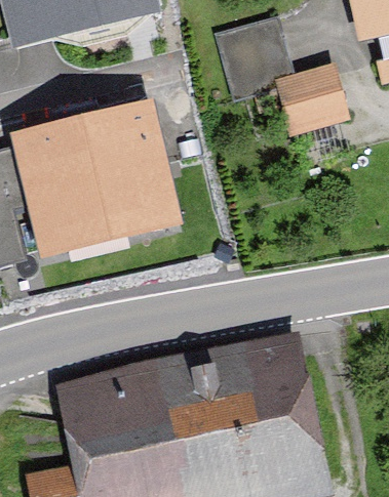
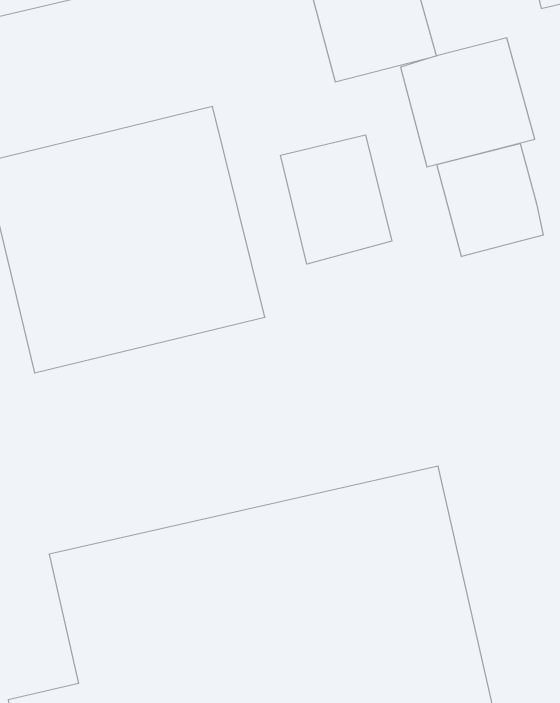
building: none -> [281,135,392,264]
building: none -> [437,144,543,257]

